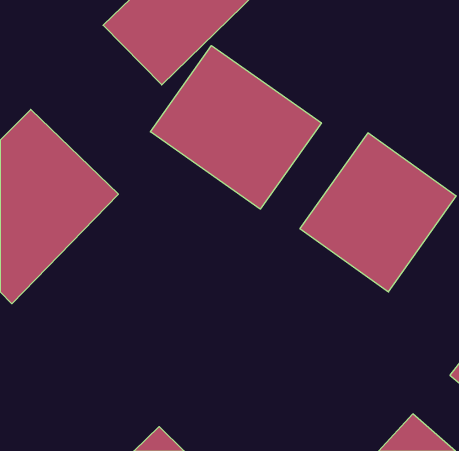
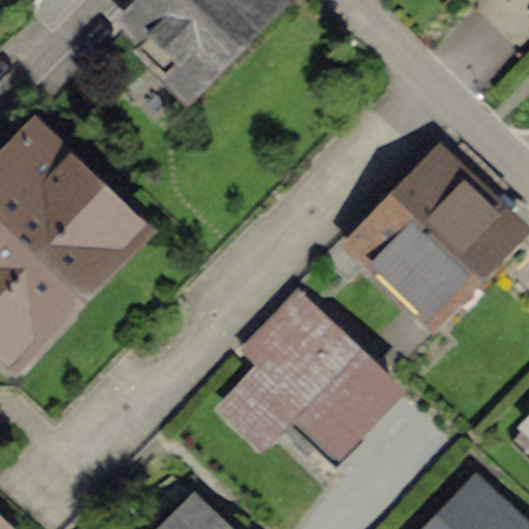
building: [150,46,321,209] -> none
building: none -> [228,287,400,443]

